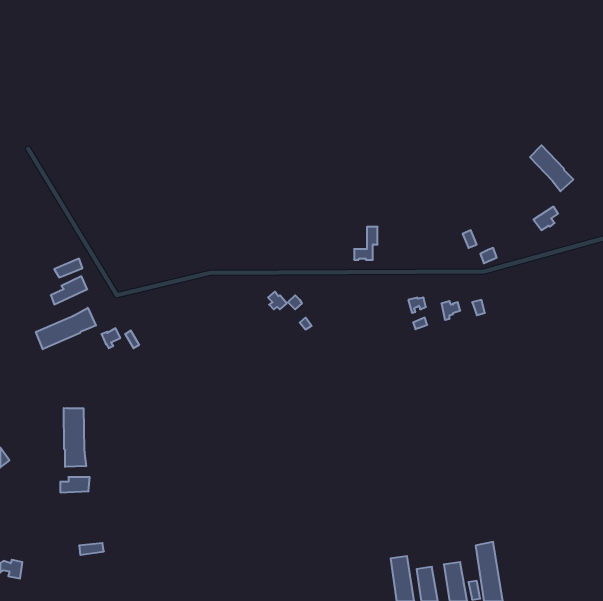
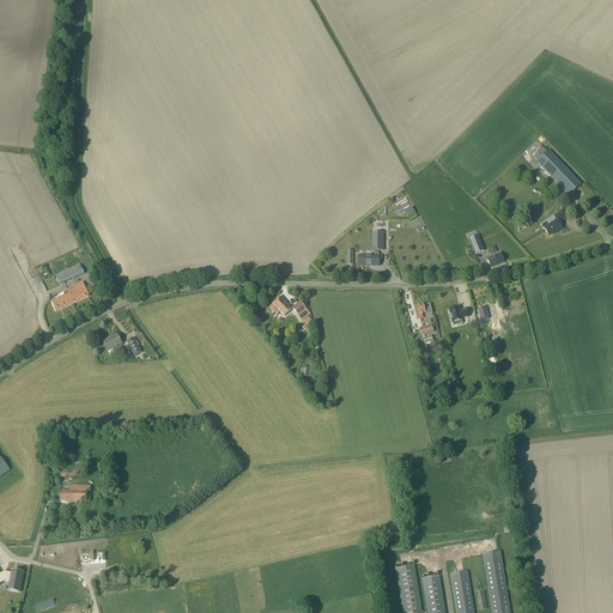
building: [36,308,96,349] -> none
building: [64,408,86,467] -> none

